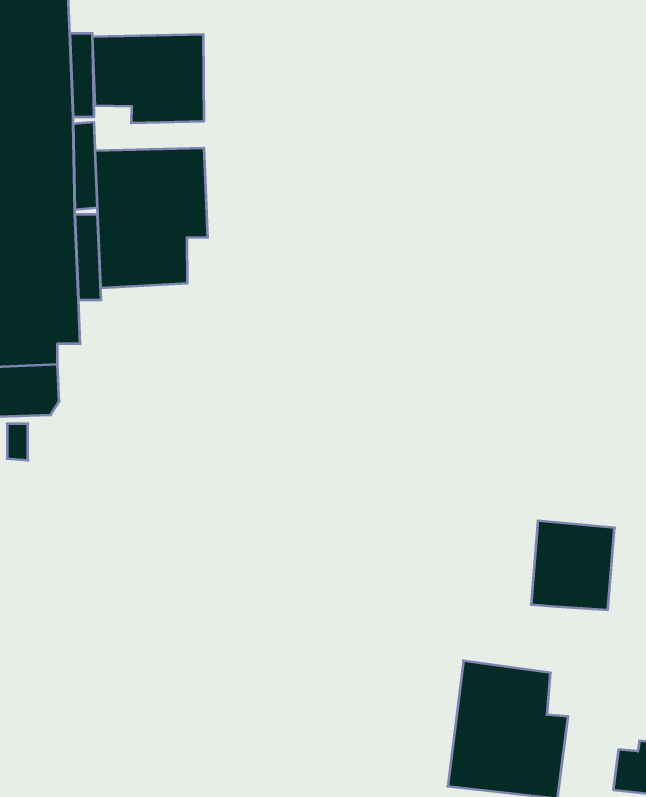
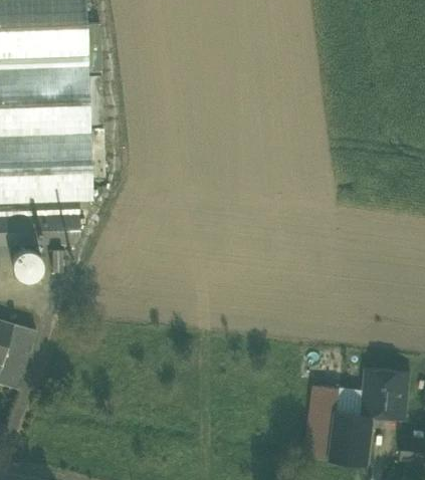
building: [92,34,204,123] -> none
building: [95,148,208,288] -> none
building: [531,521,615,610] -> [358,367,406,418]

